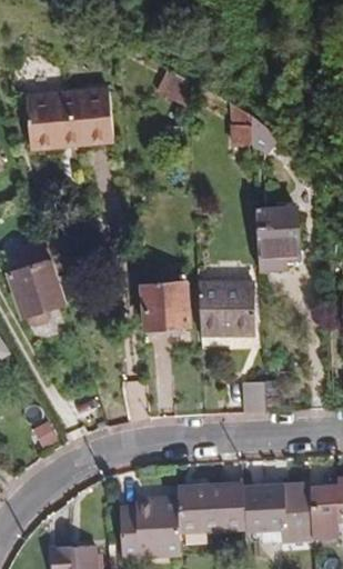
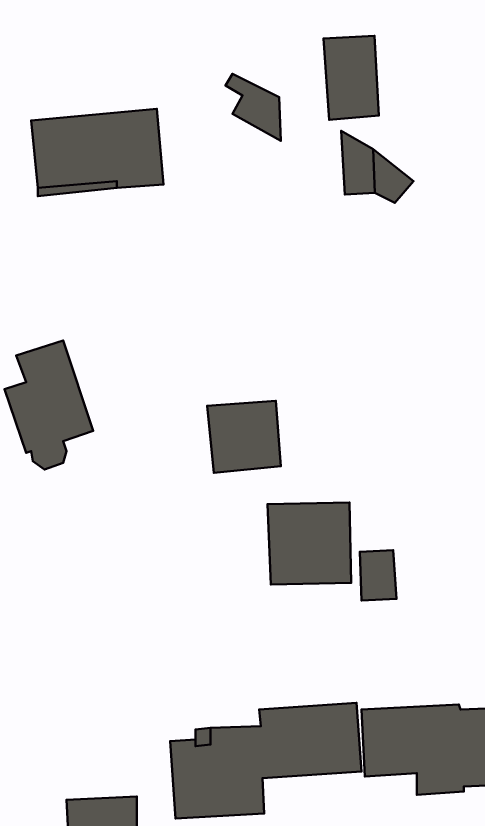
building: none -> [323,36,379,120]
building: [255,207,299,270] -> none
building: [199,282,254,337] -> [267,502,351,585]

